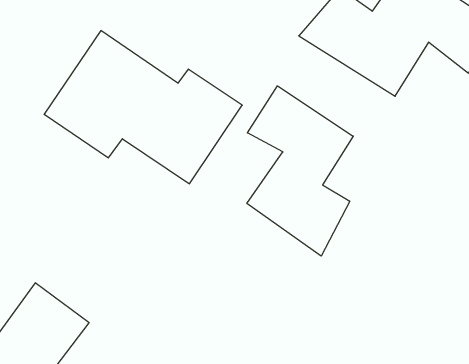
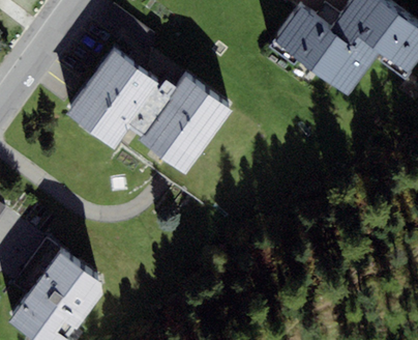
building: [247,86,353,256] -> none

